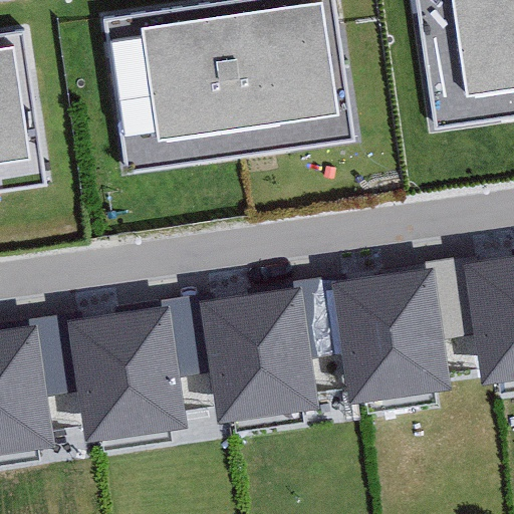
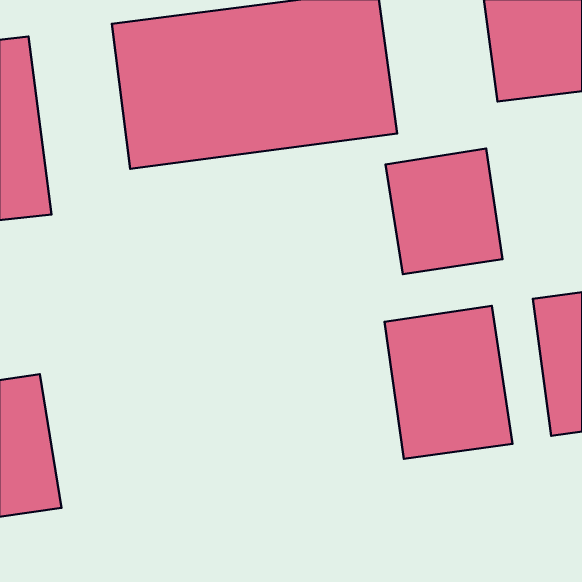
building: none -> [386,148,503,274]
building: [204,288,318,418] -> none
building: [70,307,189,445] -> none

